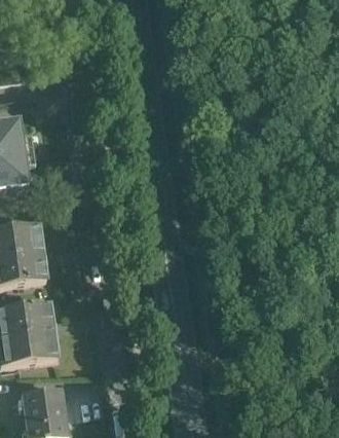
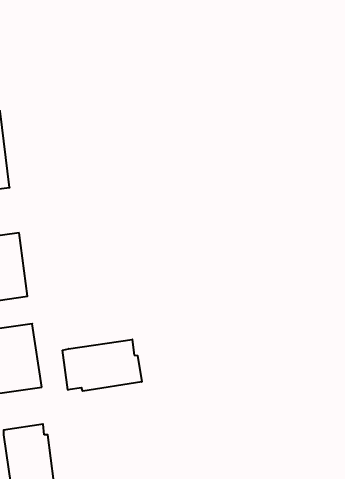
building: none -> [63,339,142,391]

